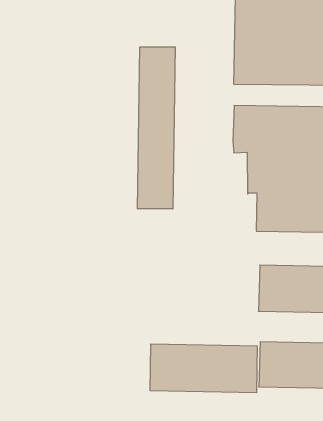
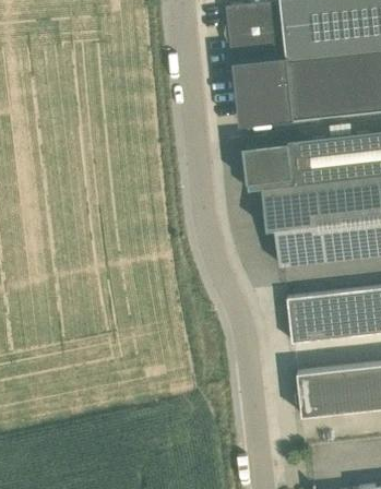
building: [138,47,175,209] -> none
building: [150,344,257,393] -> none

